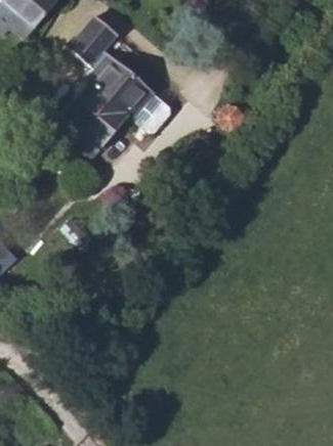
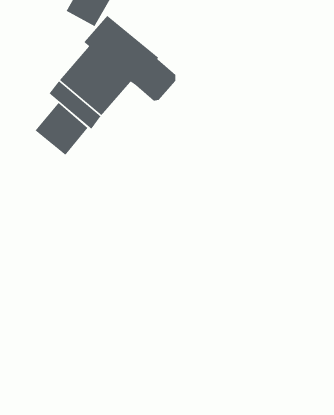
building: none -> [35,102,89,156]

